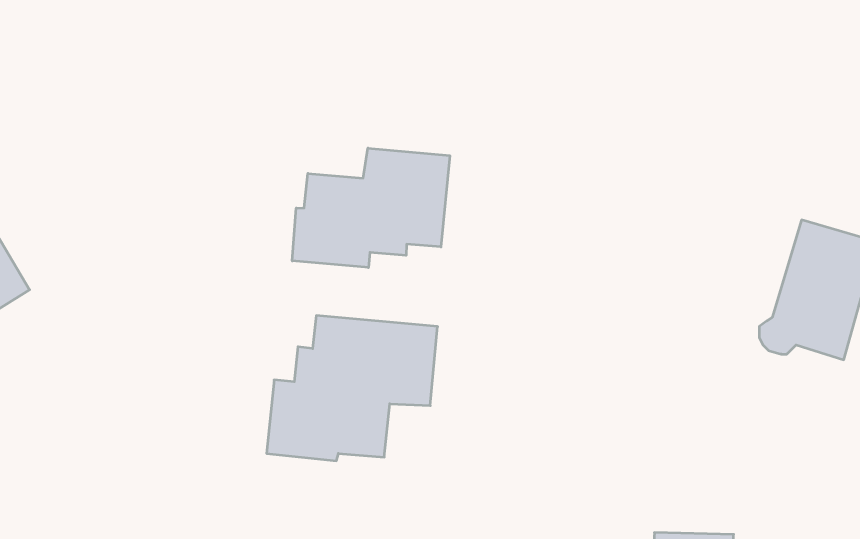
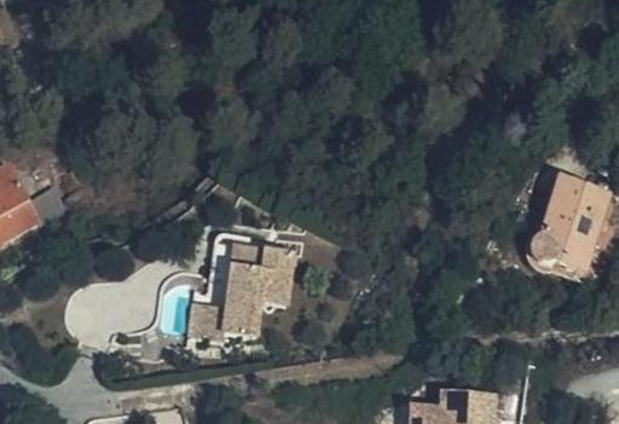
building: [292,148,450,268] -> none

